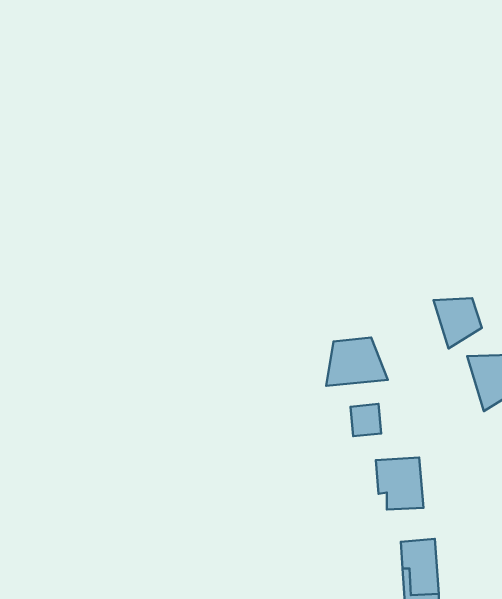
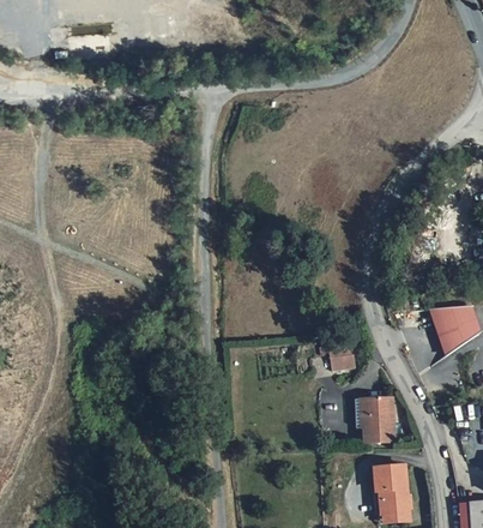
building: [434,298,482,349] -> none
building: [326,338,388,386] -> none

